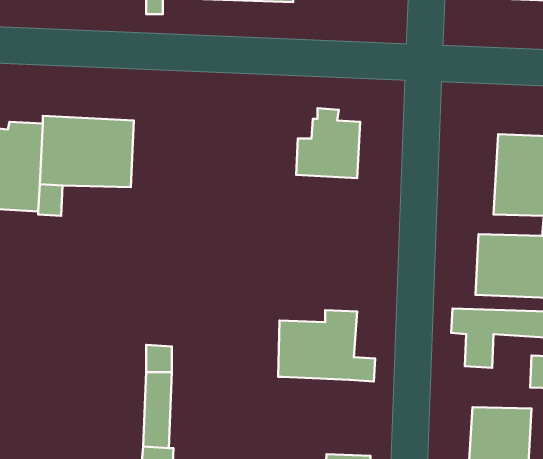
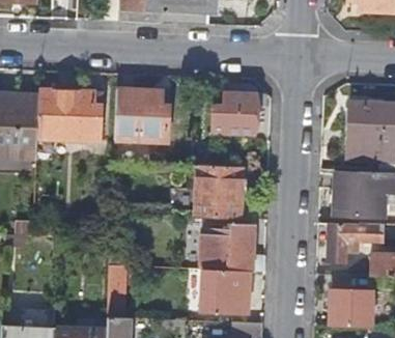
building: none -> [113,88,167,141]
building: none -> [194,165,243,219]
building: none -> [200,269,248,312]

